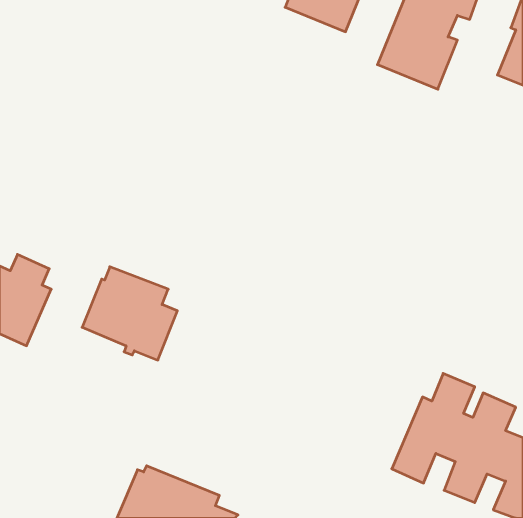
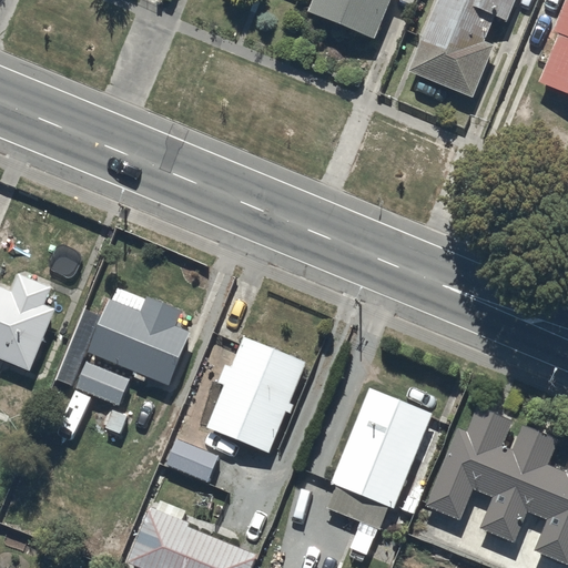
building: none -> [207,339,304,454]
building: none -> [73,359,131,433]
building: none -> [327,382,433,524]
building: none -> [161,434,220,483]

